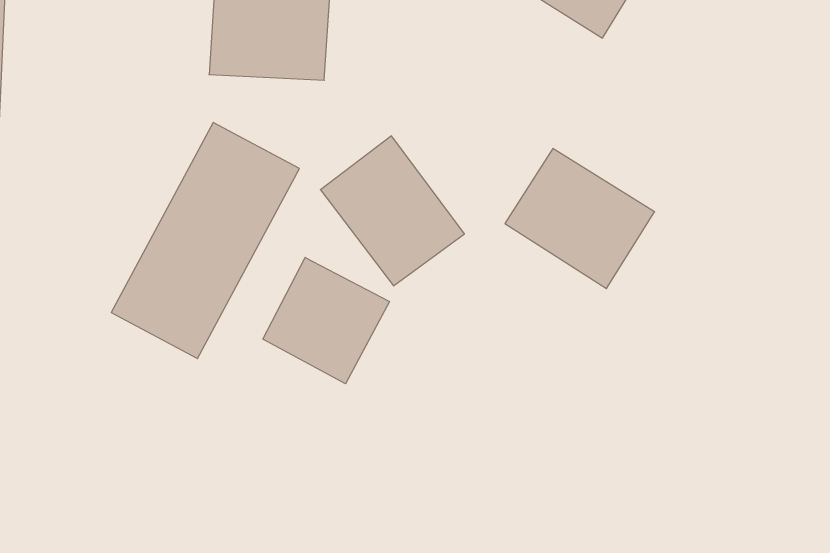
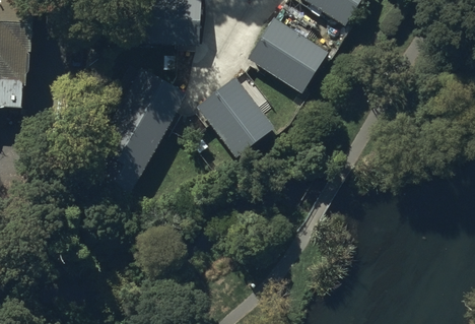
building: [505,149,655,289] -> [247,19,326,93]
building: [263,257,389,384] -> none

